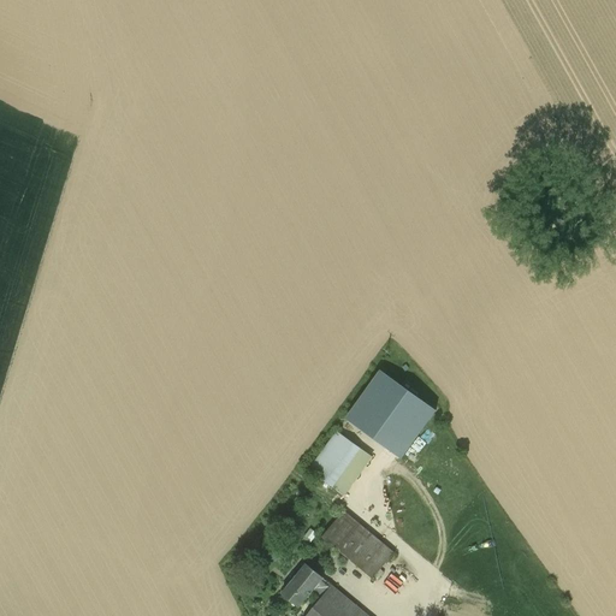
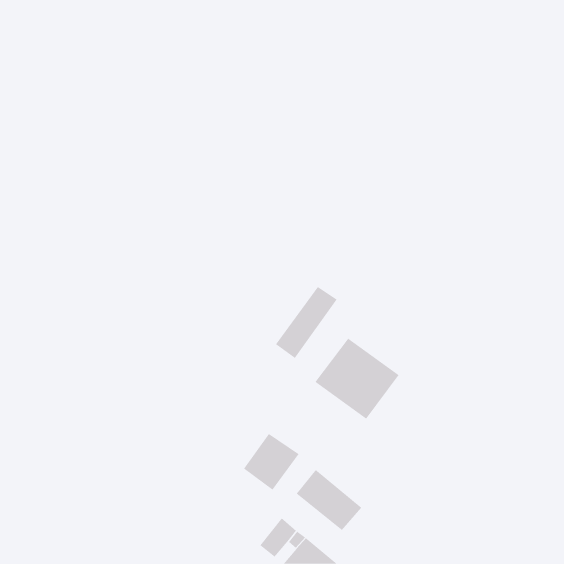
building: none -> [275,286,337,359]
building: [309,432,371,494] -> [243,433,299,491]

